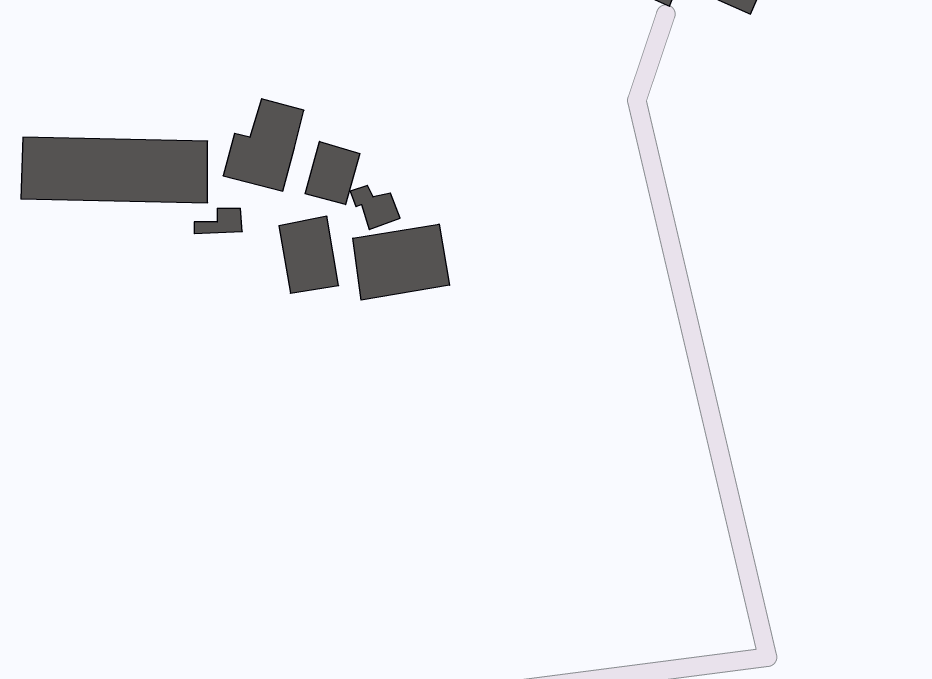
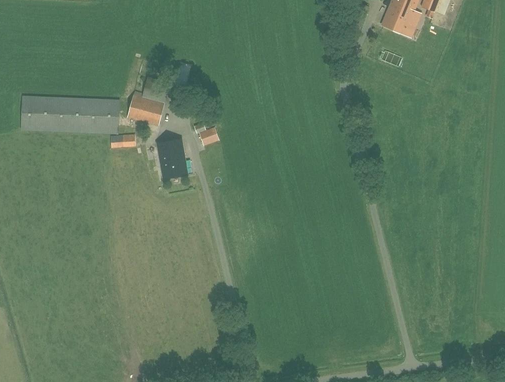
building: [305,141,360,205] -> none
building: [353,224,450,300] -> none

